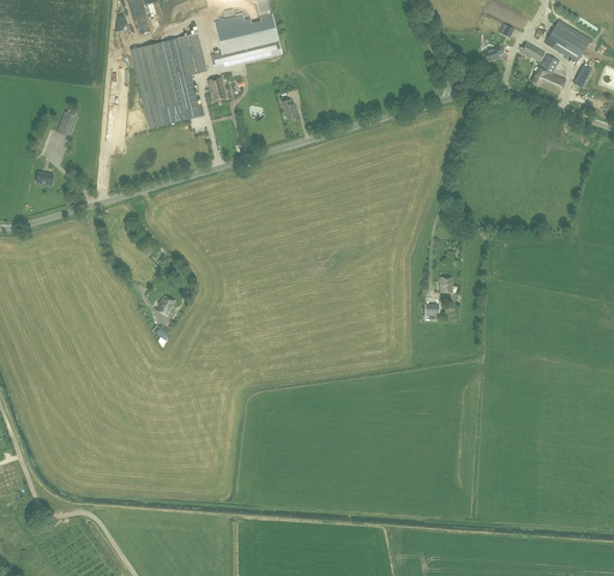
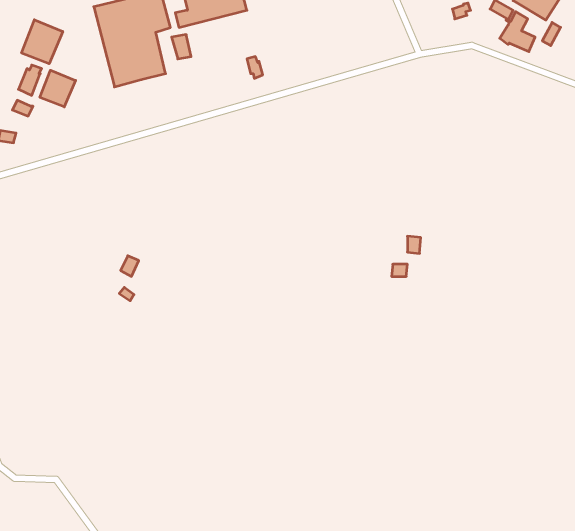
building: none -> [22,20,63,64]
building: none -> [40,70,76,107]

